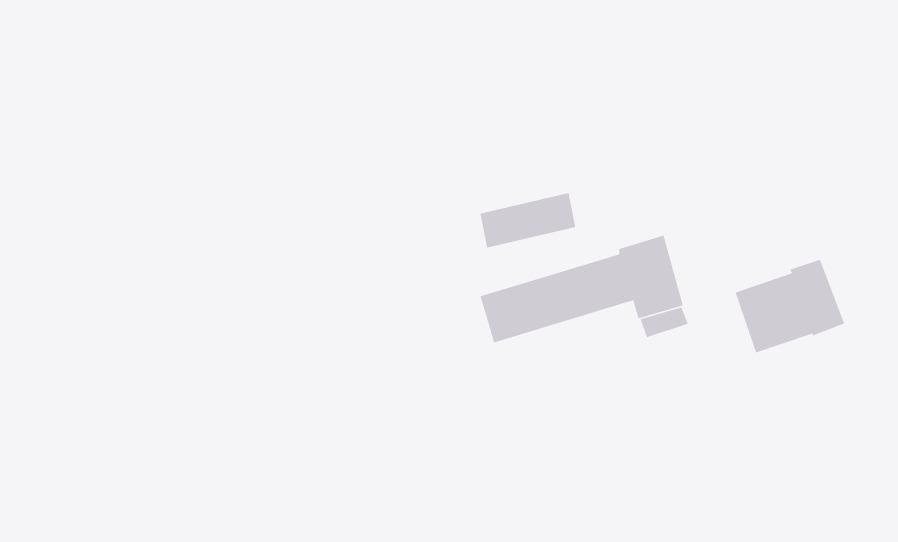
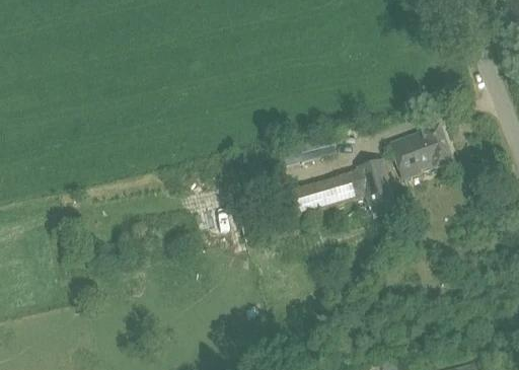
building: [735,259,845,354] -> [389,123,453,177]

